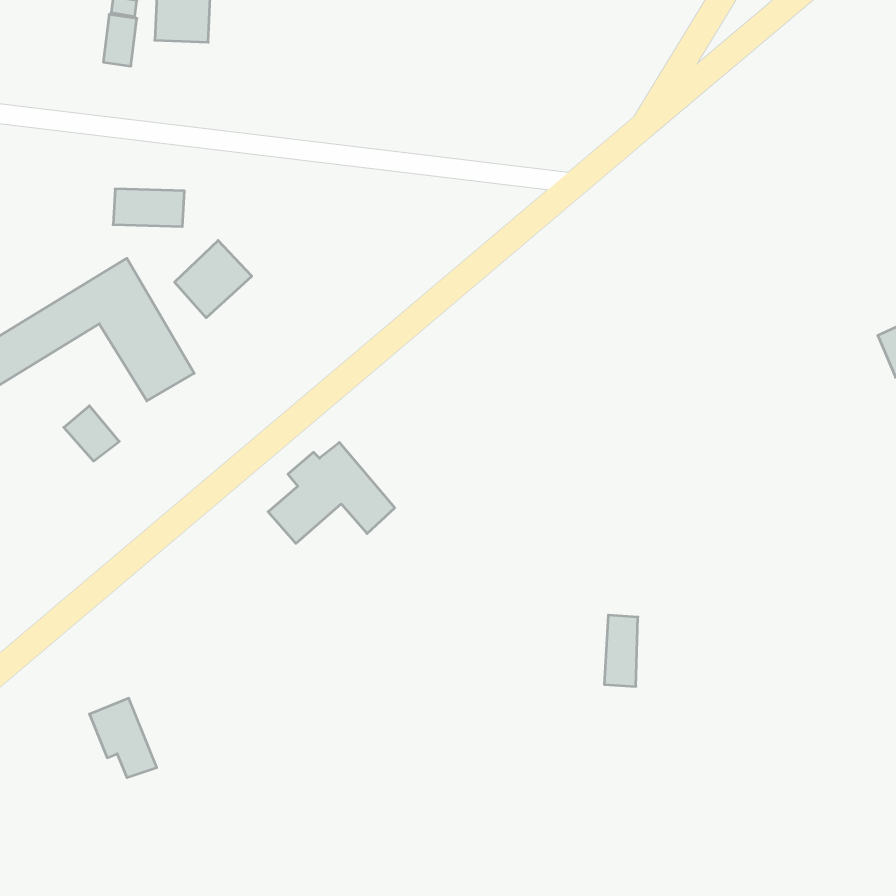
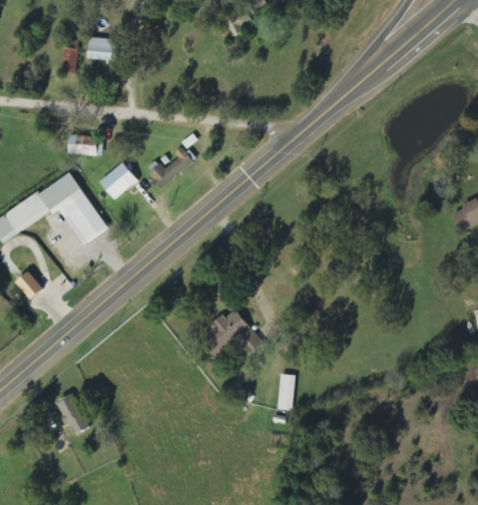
building: none -> [147,146,193,187]
building: [64,406,119,461] -> [14,271,42,299]
building: [268,442,395,543] -> [198,309,263,360]
building: [604,615,638,686] -> [278,374,295,410]

